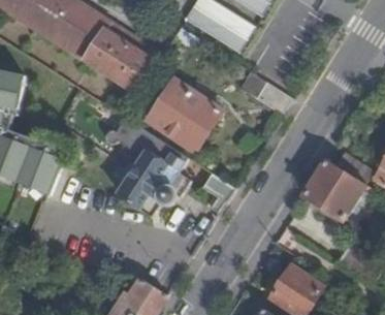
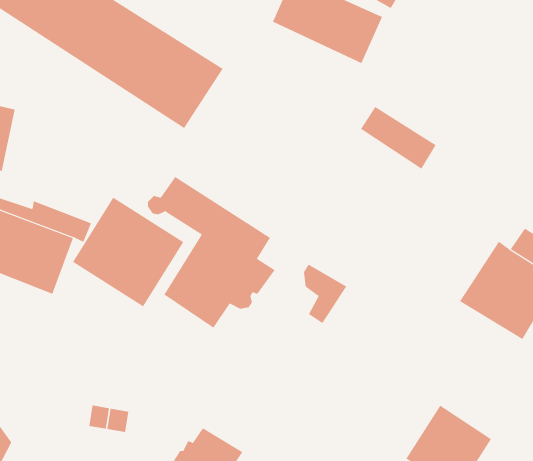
building: [148,81,219,151] -> [72,197,184,307]

